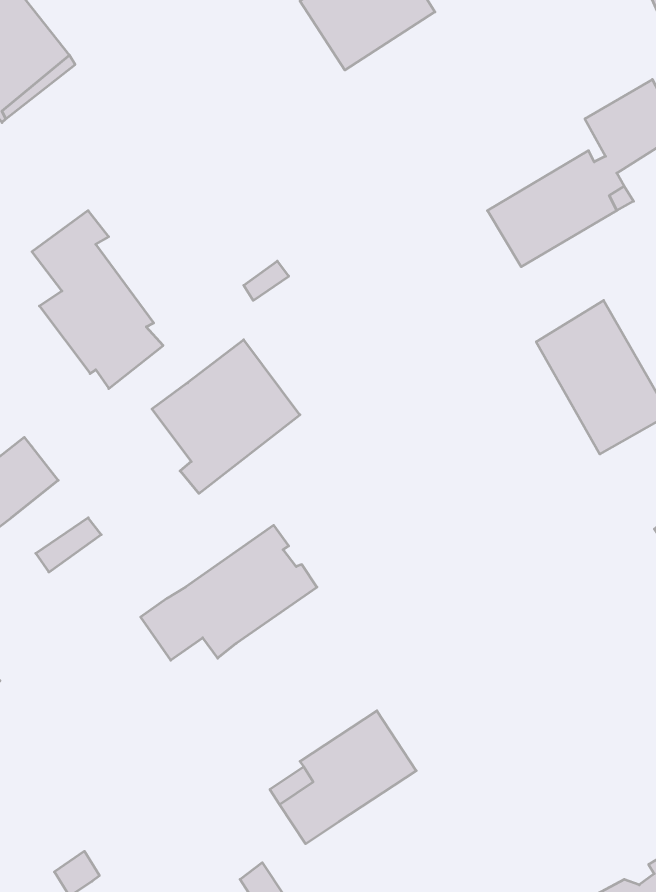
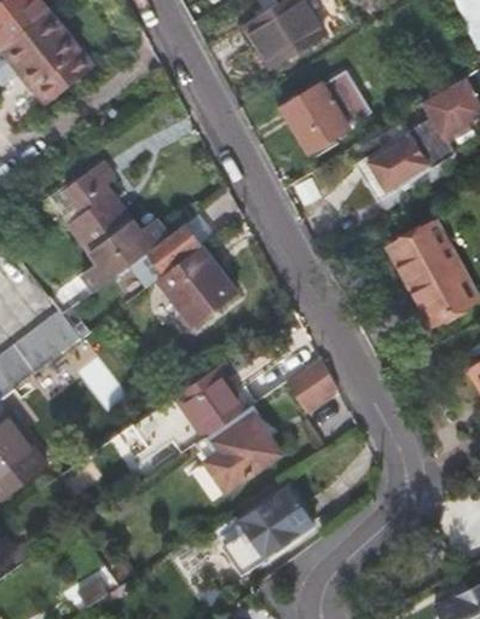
building: none -> [282,70,371,150]
building: none -> [109,224,202,290]
building: none -> [287,355,337,409]
building: none -> [197,401,283,488]

